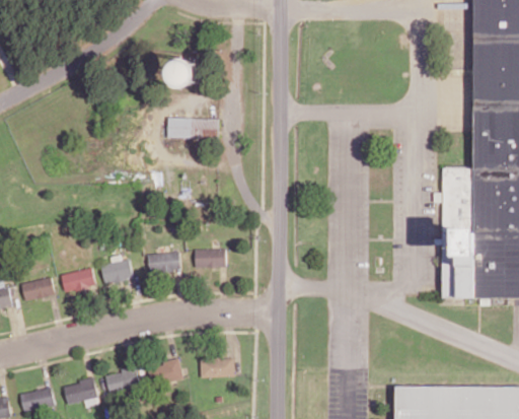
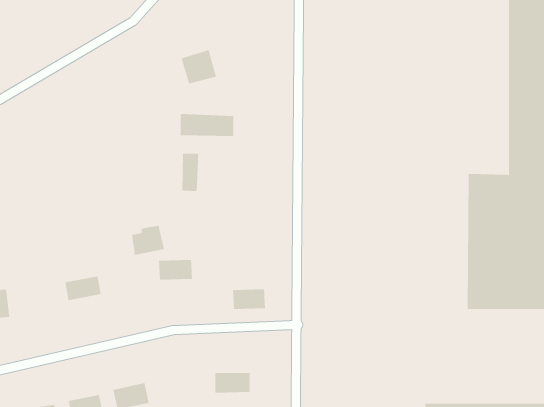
building: none -> [182,153,199,192]
building: [196,249,227,268] -> [232,289,266,309]
building: [102,256,134,284] -> [131,225,165,256]
building: [22,277,56,301] -> none
building: [148,358,184,386] -> none

